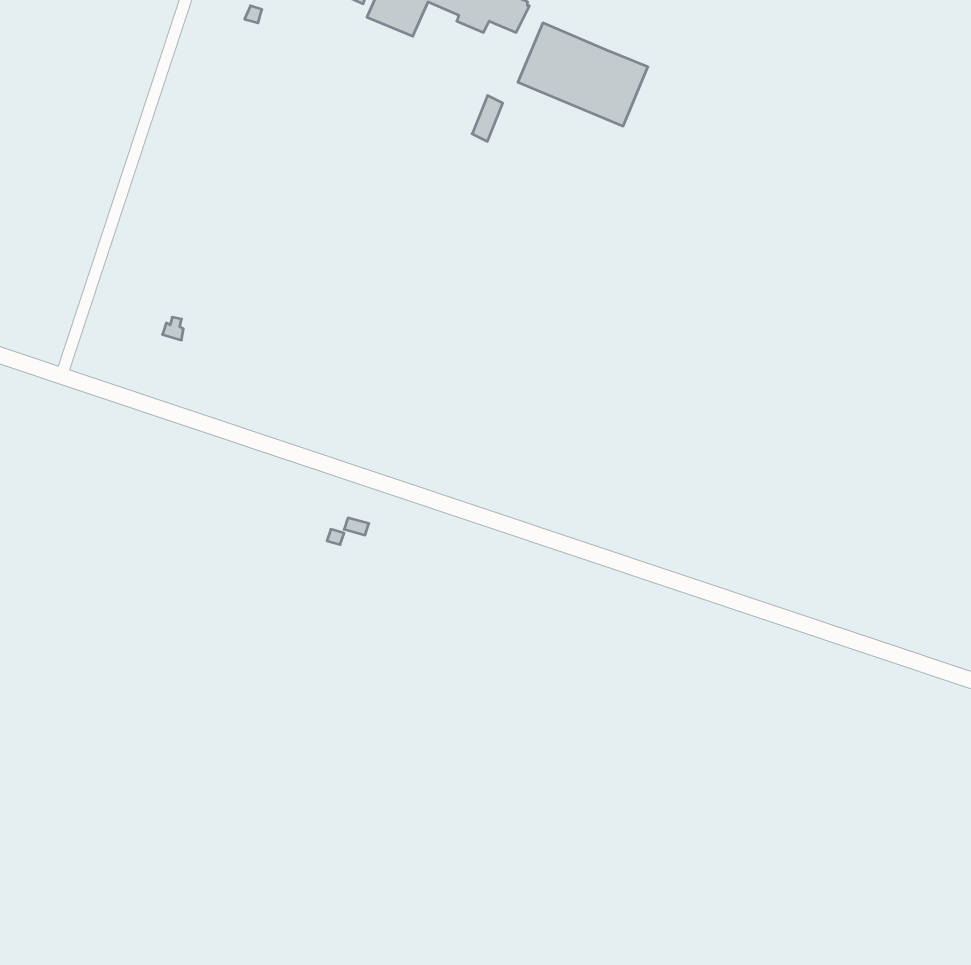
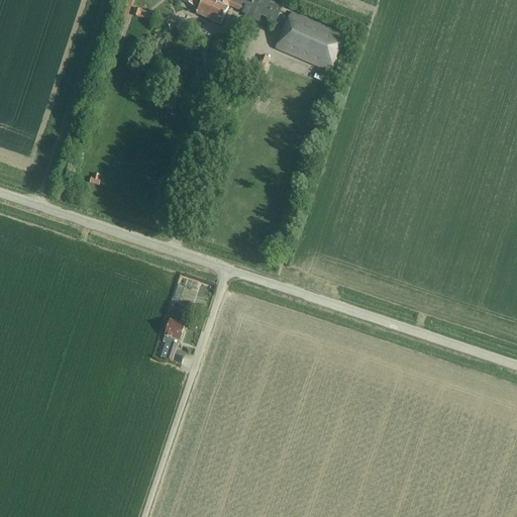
building: none -> [160,314,182,358]

